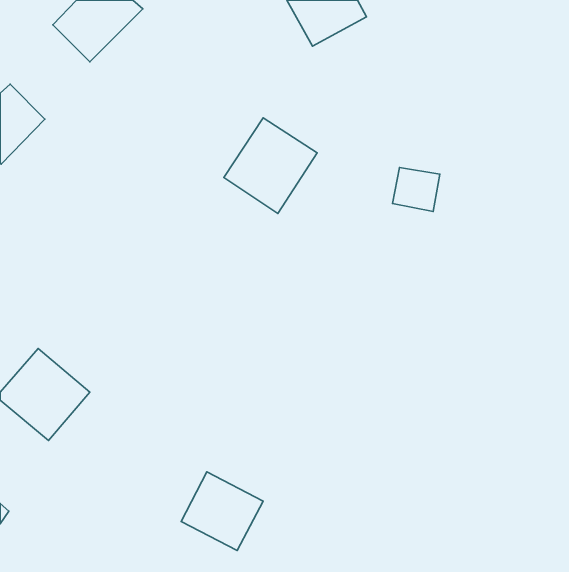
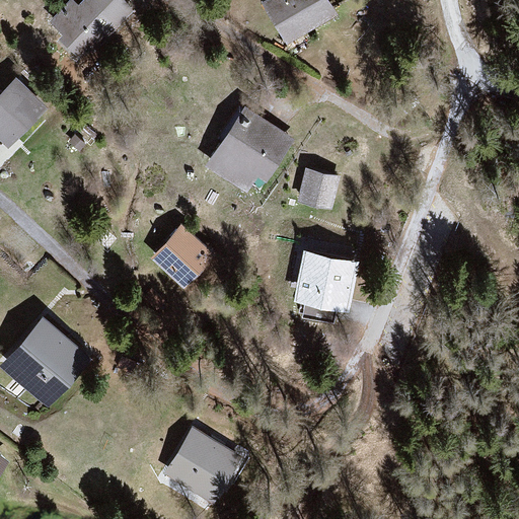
building: [393,168,440,211] -> [298,170,341,210]
building: none -> [153,224,215,286]
building: none -> [290,249,356,311]

